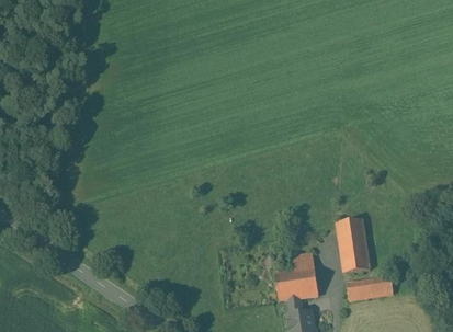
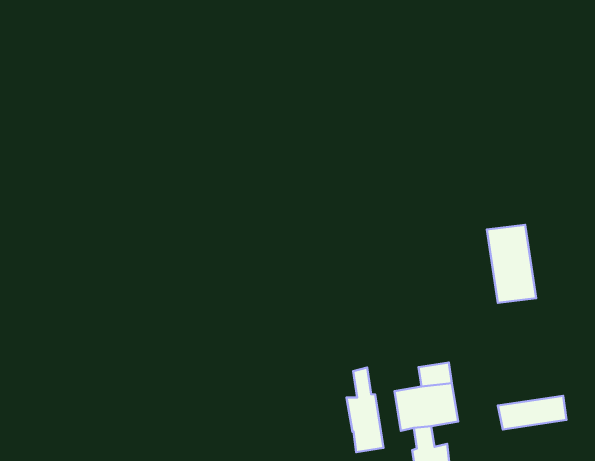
building: [336,218,370,272] -> [487,225,536,303]
building: none -> [346,368,383,452]

